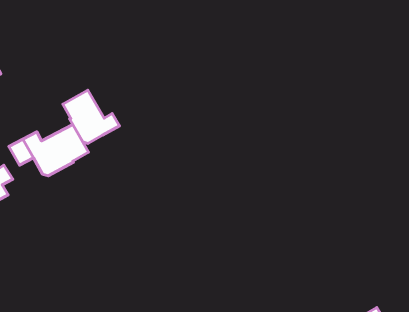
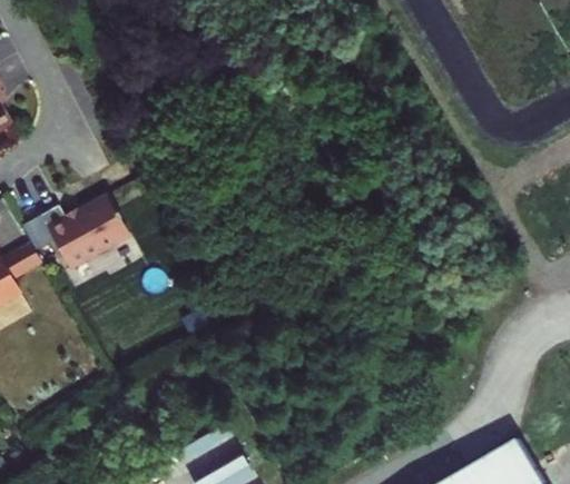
building: [63,90,120,143] -> none

